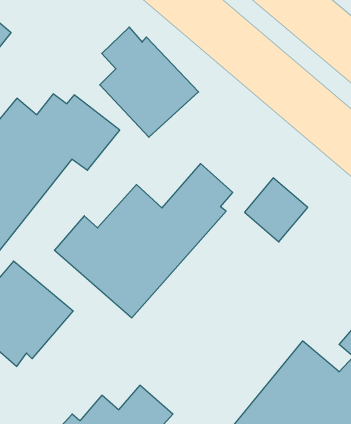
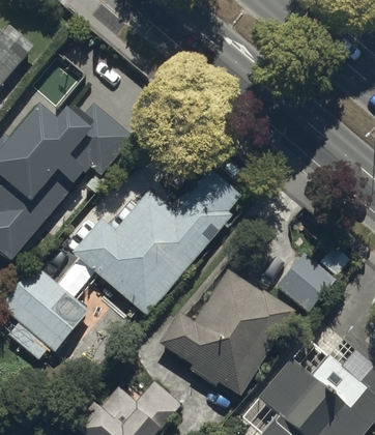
building: [100,27,199,137] -> none
building: [245,178,308,242] -> [276,253,335,313]
building: none -> [155,269,295,399]

